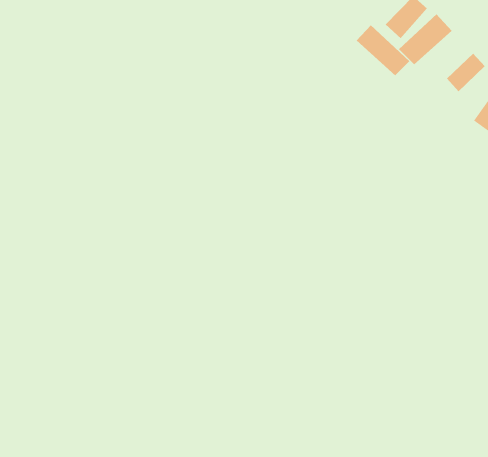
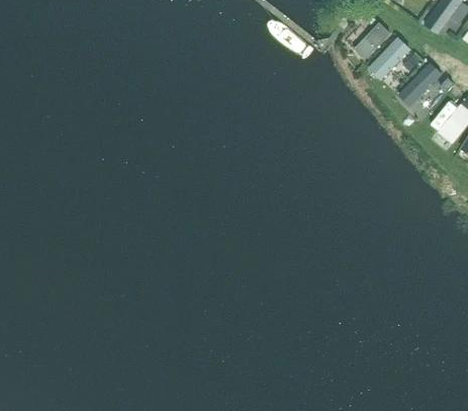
building: [356,25,410,76] -> none

